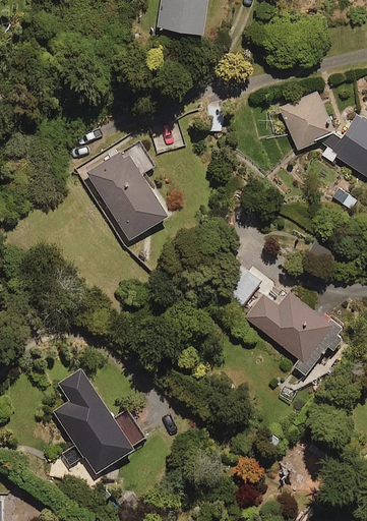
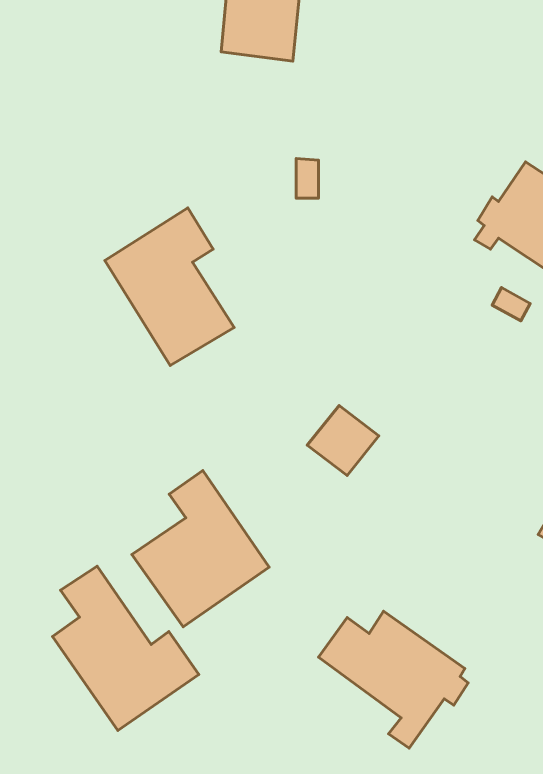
building: [276,90,337,152] -> none
building: [246,290,342,378] -> [318,611,468,748]
building: none -> [132,470,269,627]

